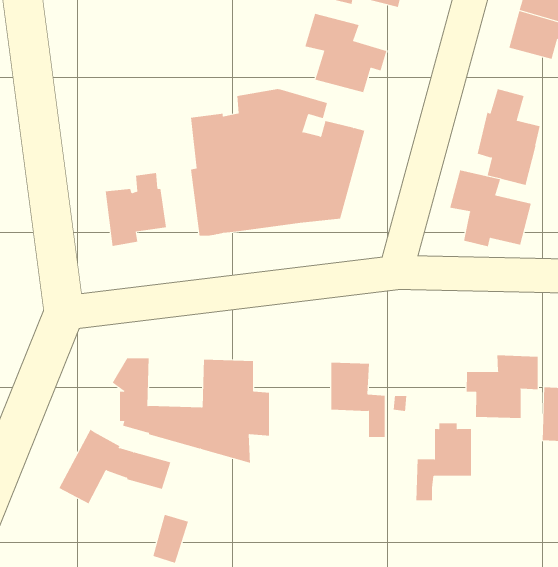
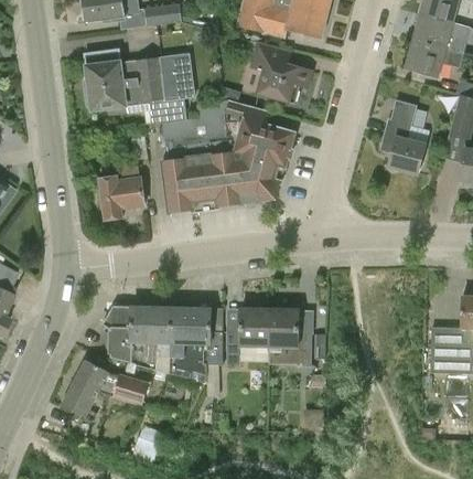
building: none -> [86,49,195,123]
building: [450,170,531,247] -> none
building: [466,355,538,419] -> none
building: none -> [130,305,172,342]
building: [415,423,472,501] -> [226,304,269,363]

